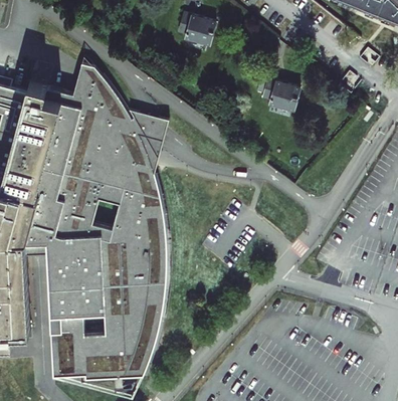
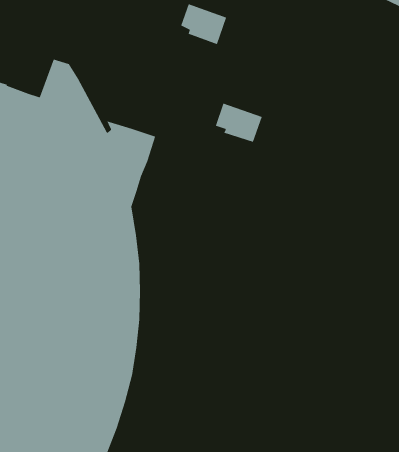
building: [262,80,300,111] -> [215,102,263,143]

